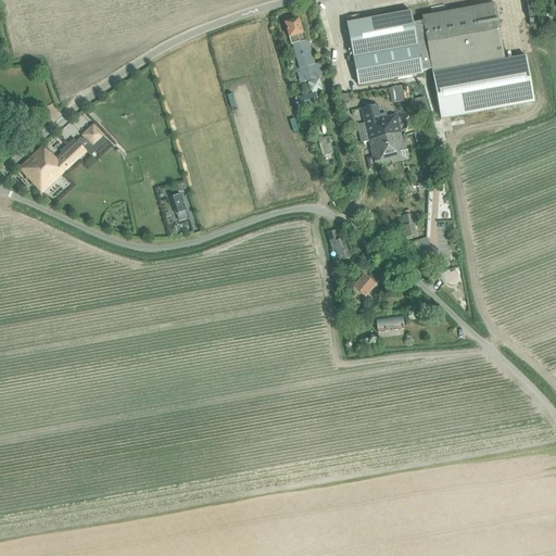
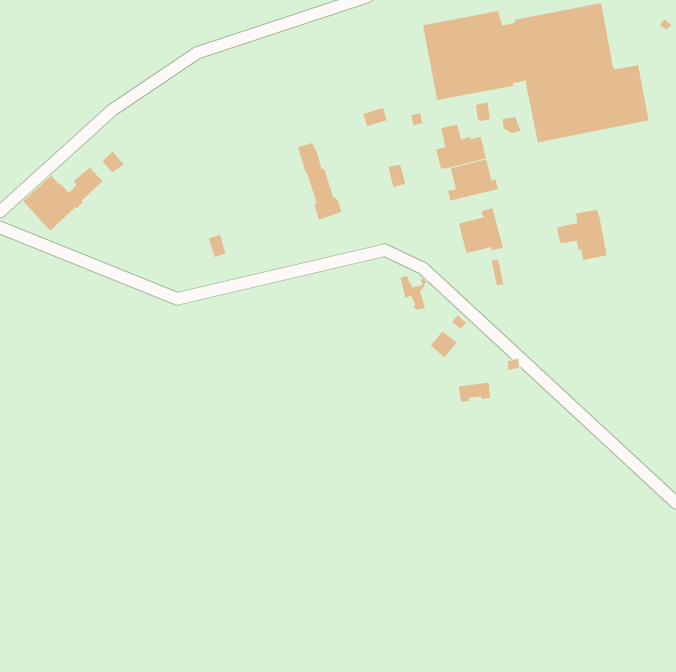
building: [285,15,321,79] -> [297,142,342,220]
building: none -> [458,208,503,254]
building: none -> [557,209,607,261]

